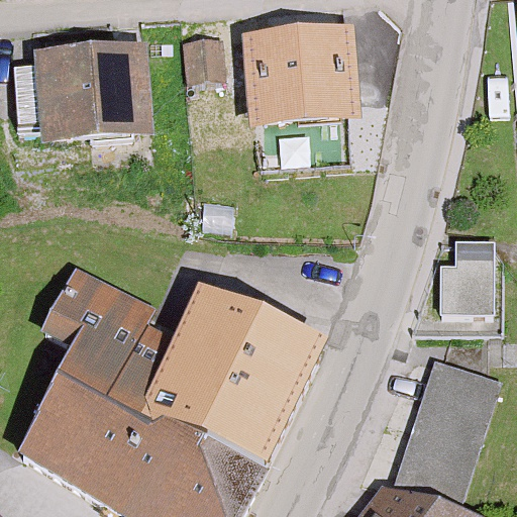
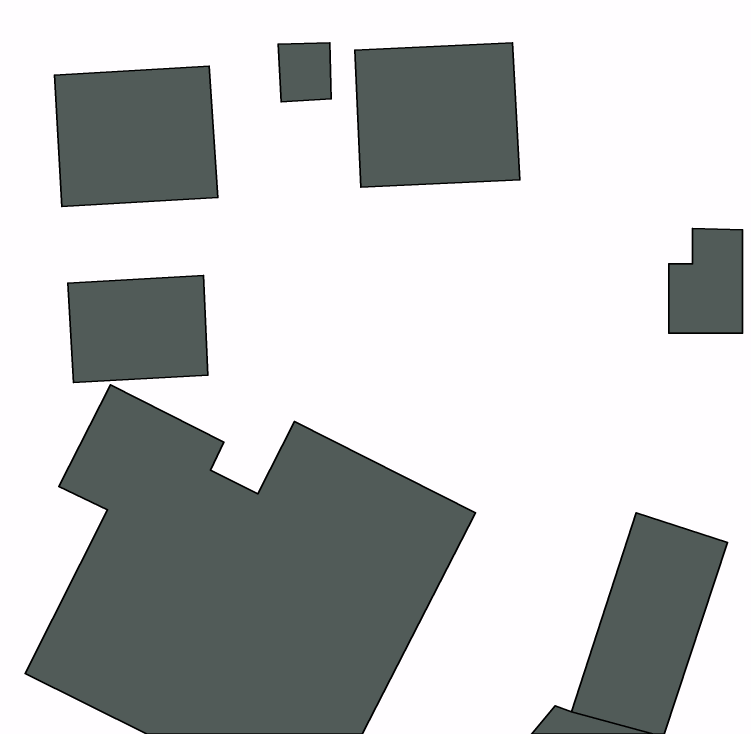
building: none -> [68,275,208,383]
building: [439,236,490,308] -> [669,228,742,333]

